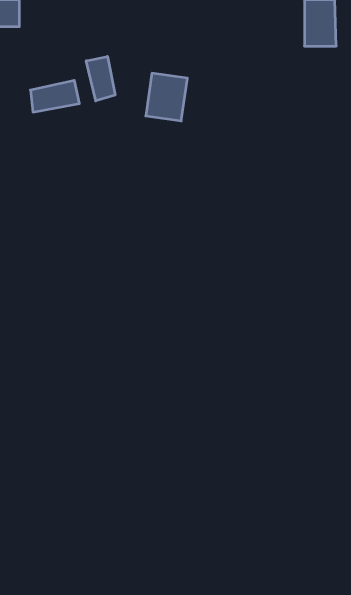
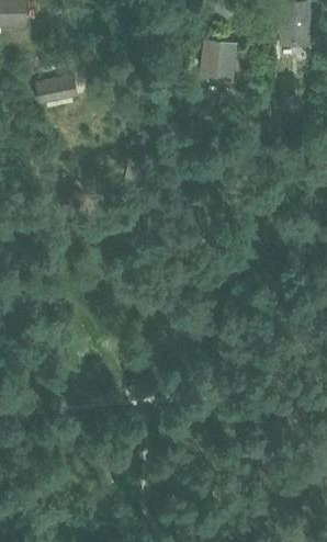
building: [86,56,115,101] -> none
building: [146,73,187,121] -> [199,38,236,81]

